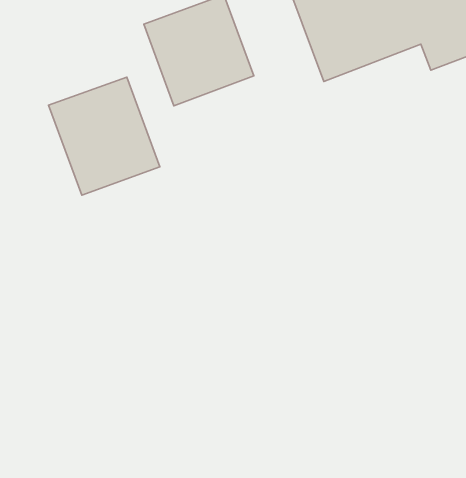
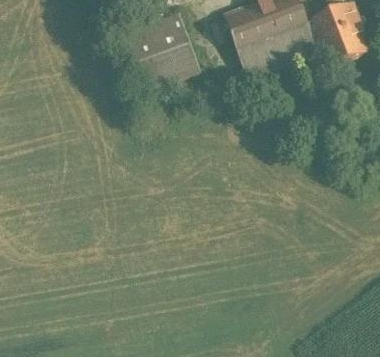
building: [49,77,160,195] -> none

